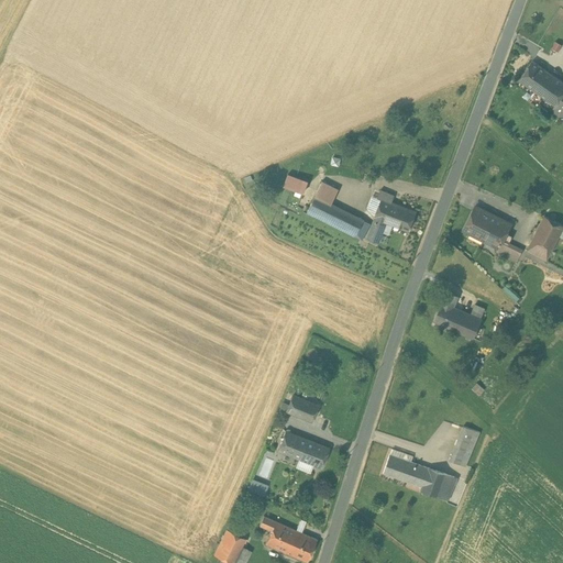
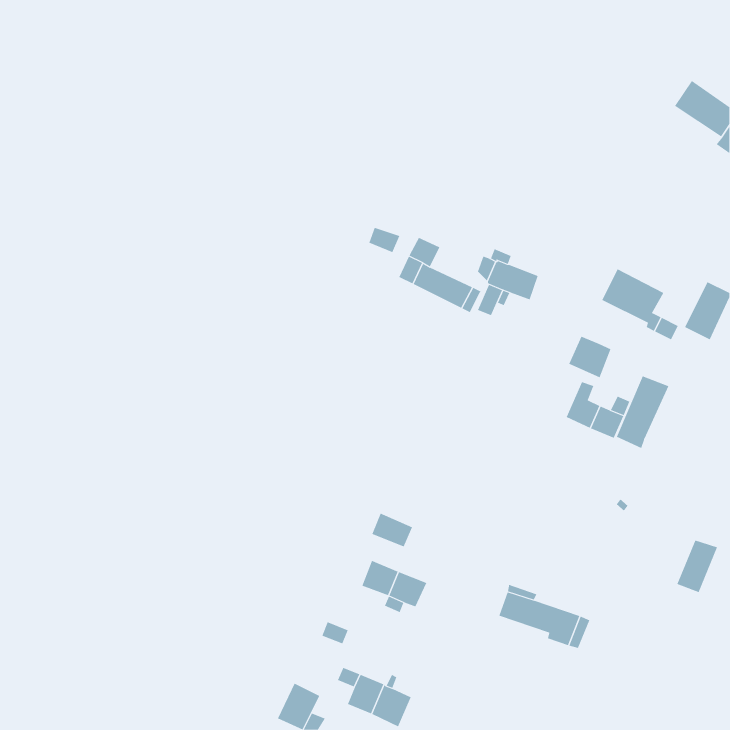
building: none -> [569,336,611,378]
building: none -> [616,375,669,449]
building: [449,427,481,467] -> [676,540,718,593]

